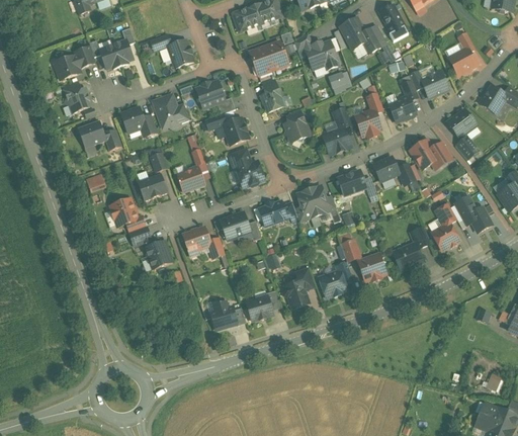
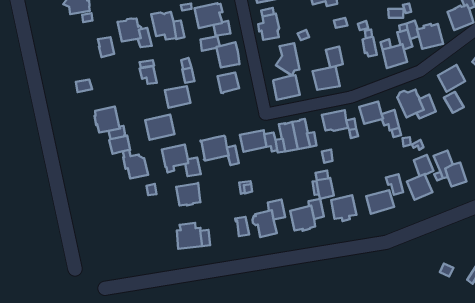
building: [354,109,380,139] -> none
building: [77,120,106,148] -> none
building: [236,161,264,188] -> [273,75,300,100]
building: [137,173,168,201] -> [145,114,174,140]
building: [246,295,272,321] -> [176,183,200,205]

